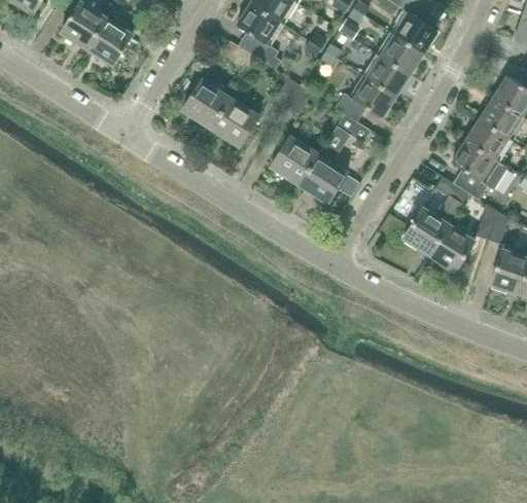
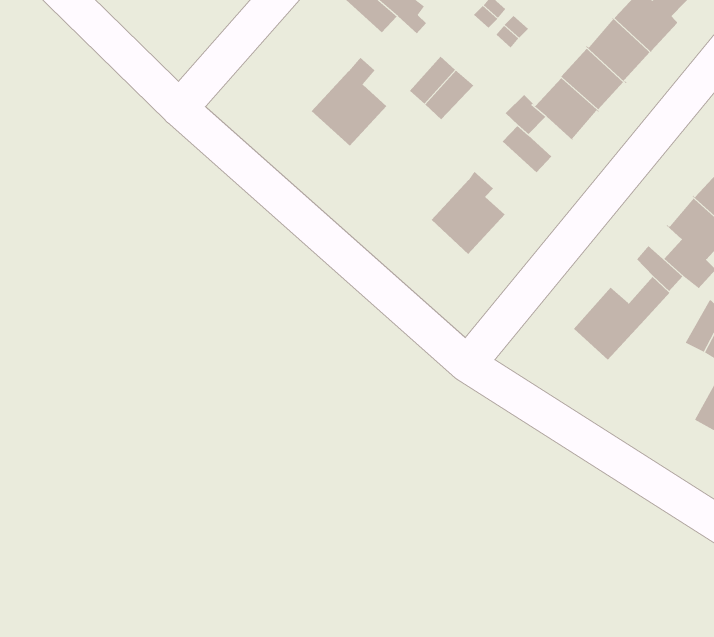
building: [182,79,231,128] -> none
building: [271,137,319,184] -> none
building: [428,225,475,272] -> none

